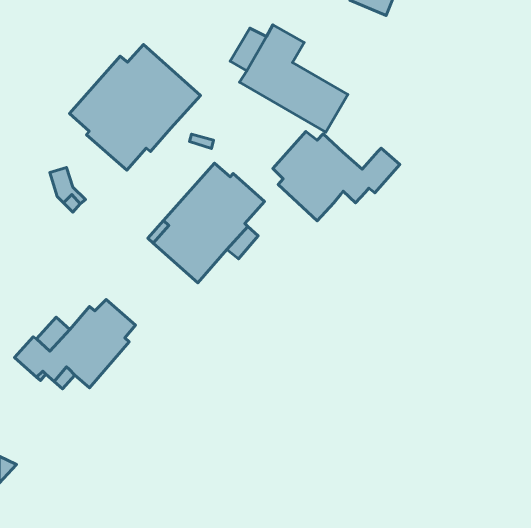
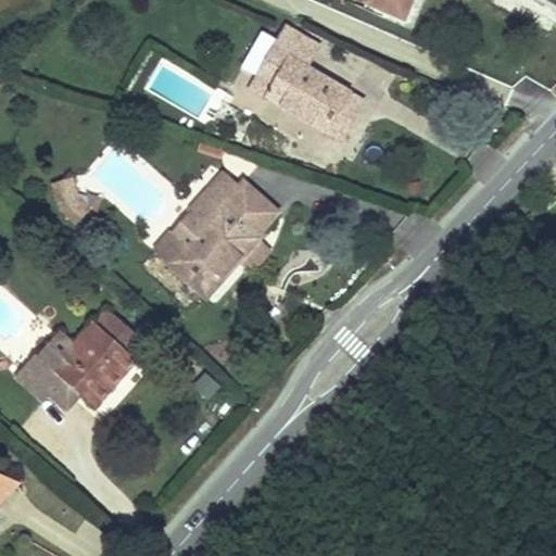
building: [69,44,201,170] -> none
building: [273,131,400,221] -> none

